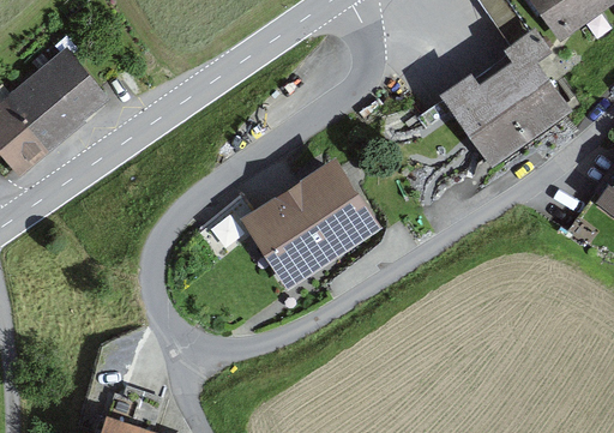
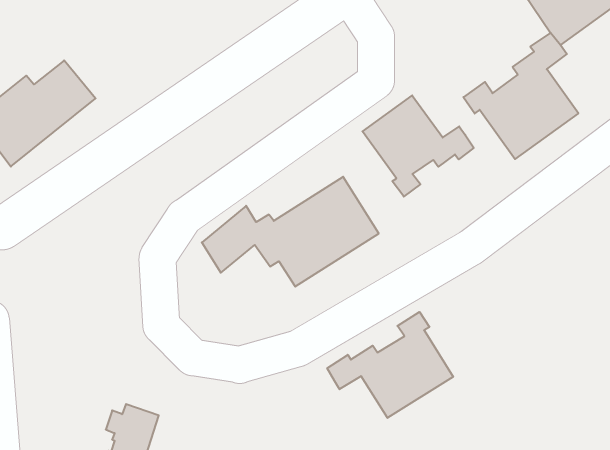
building: none -> [362,95,474,197]
building: none -> [327,312,453,418]

